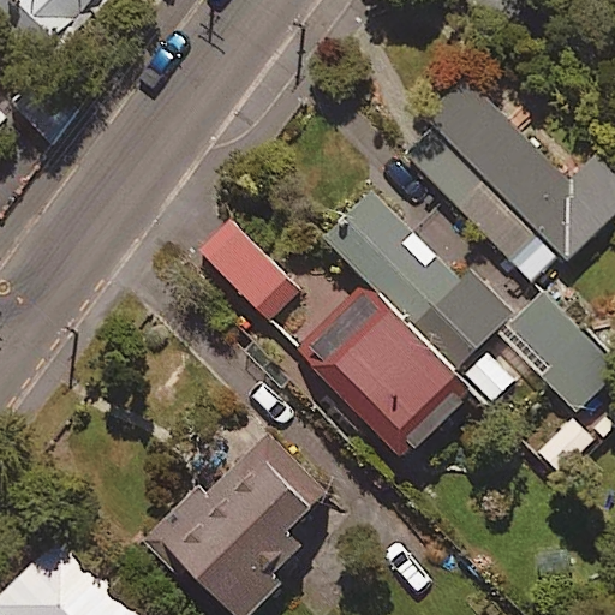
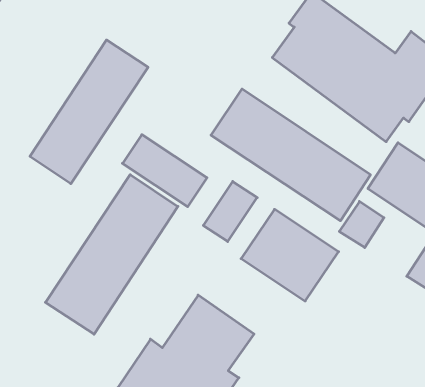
building: none -> [30,40,148,184]
building: none -> [45,175,178,334]

